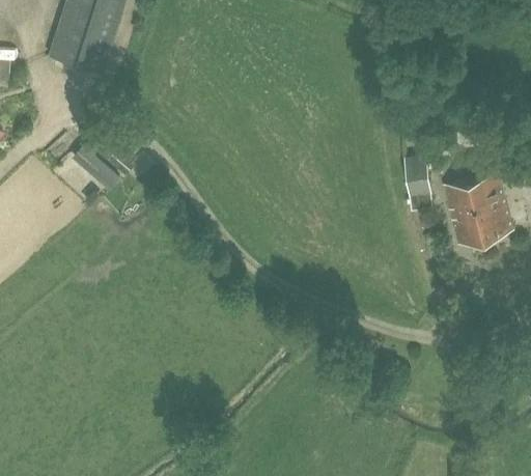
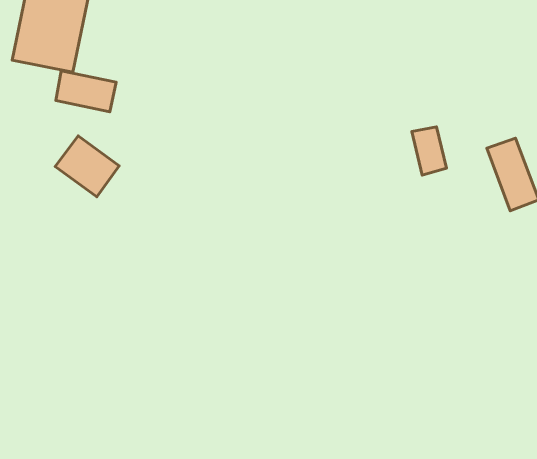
building: none -> [56,71,116,112]
building: [444,183,485,248] -> none

